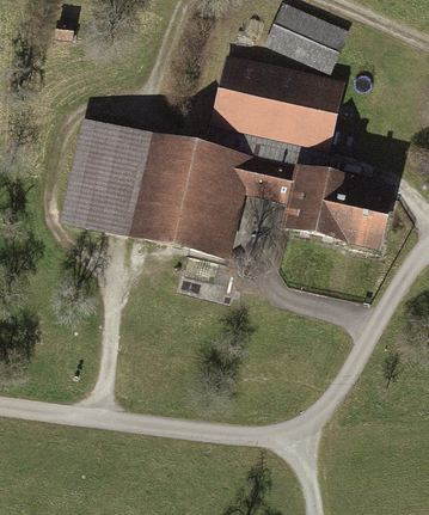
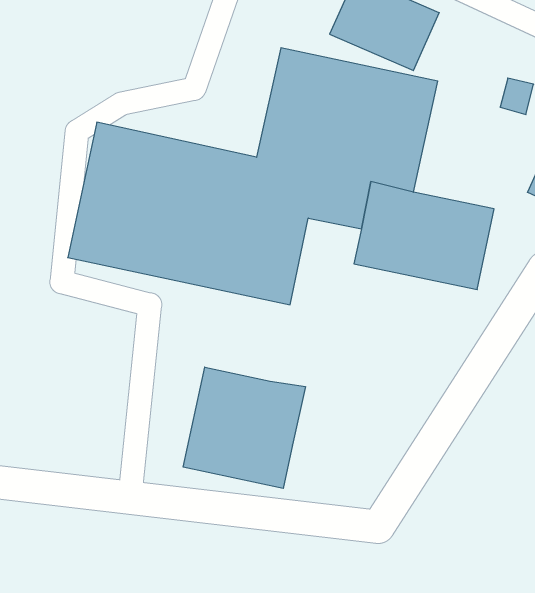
building: none -> [183,367,305,488]

